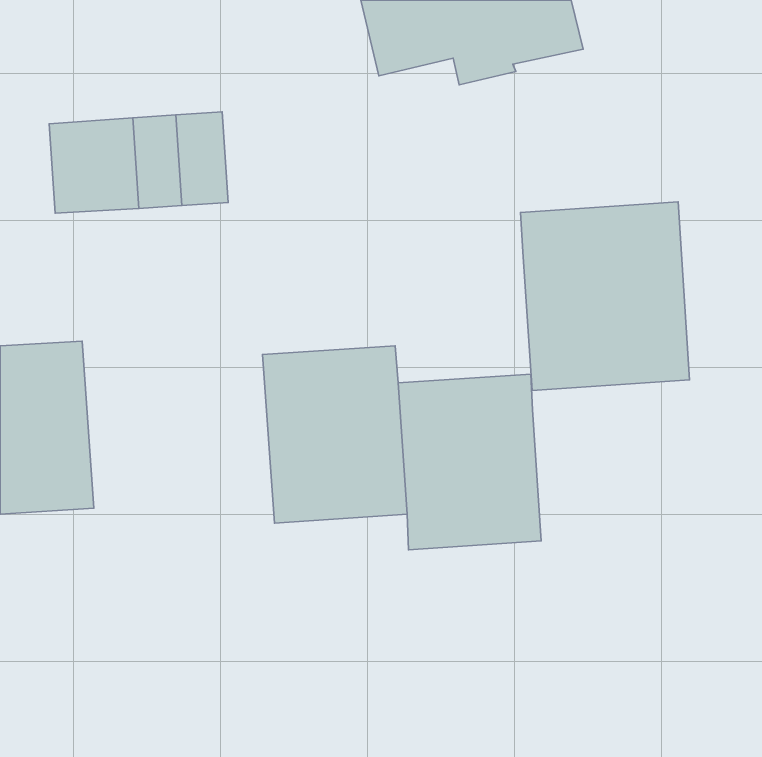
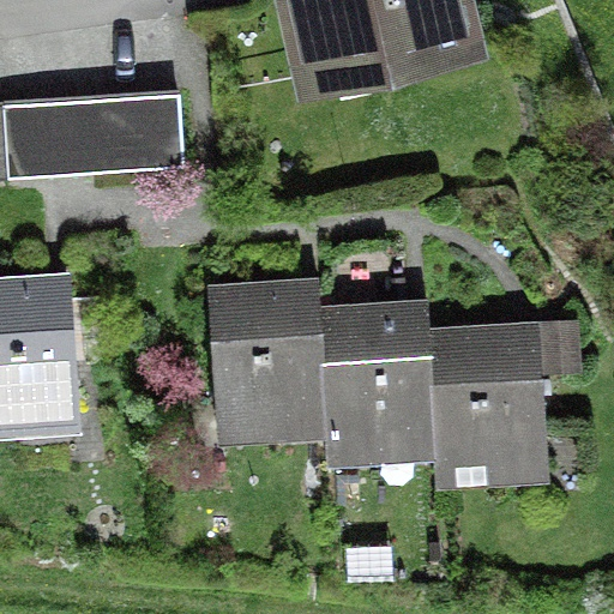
building: [521,202,690,390] -> none
building: none -> [428,326,574,468]

